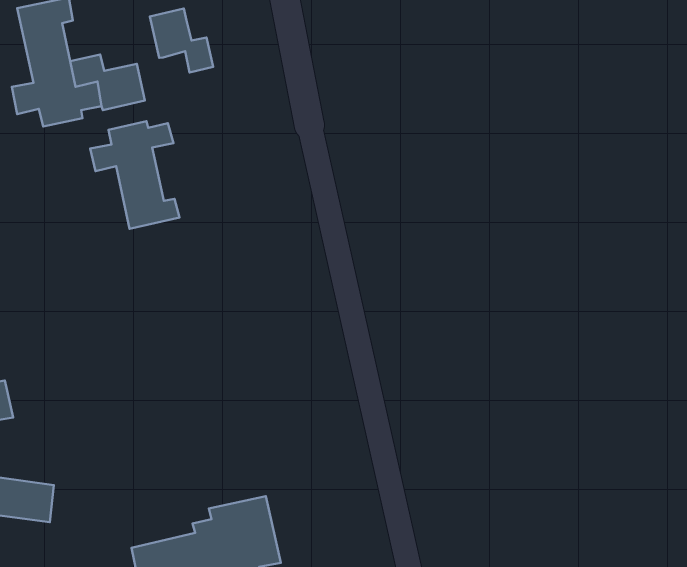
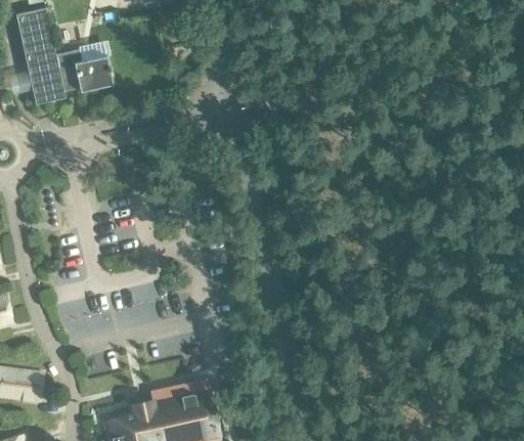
building: [150,9,213,73] -> none
building: [90,121,179,229] -> none

